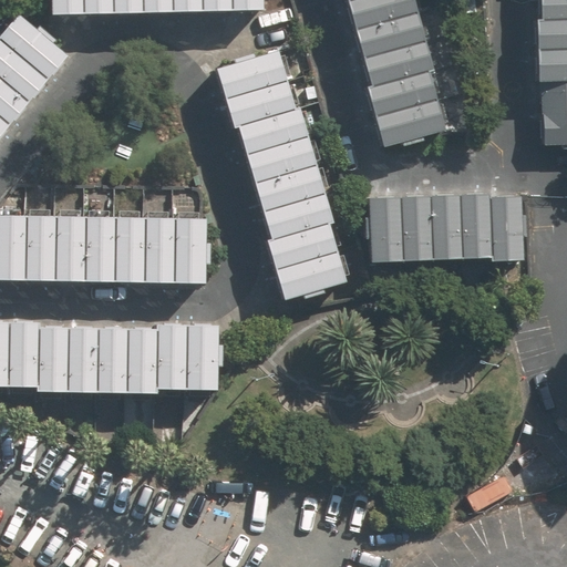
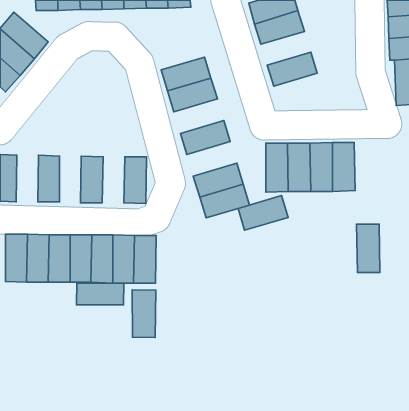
building: [362,43,431,90] -> none
building: [216,49,285,96] -> none
building: [380,101,447,147] -> none
building: [243,136,311,184] -> none
building: [260,195,329,243] -> [238,196,288,230]
building: [491,196,523,262] -> [357,224,380,272]
building: [25,214,56,278] -> none
building: [85,215,115,279] -> none
building: [144,216,175,279] -> none
building: none -> [77,283,124,305]
building: none -> [132,290,156,338]

